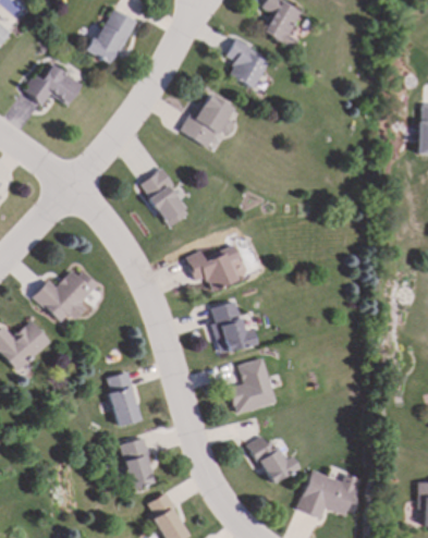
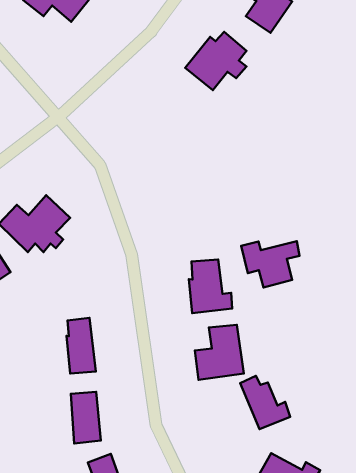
building: [140,169,188,228] -> none
building: [186,245,241,292] -> [241,241,299,288]
building: [247,436,297,484] -> [240,376,290,429]

